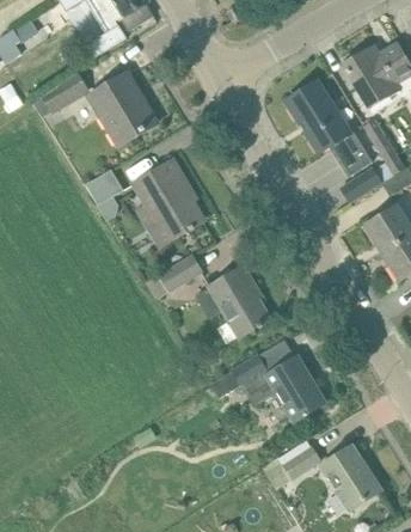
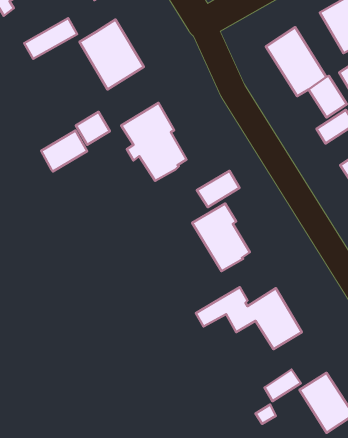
building: none -> [41,130,87,172]
building: [158,256,203,294] -> [197,171,240,207]

